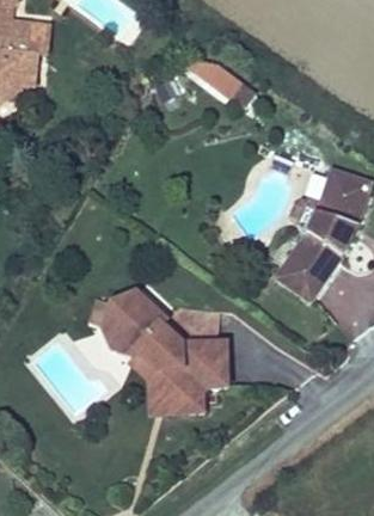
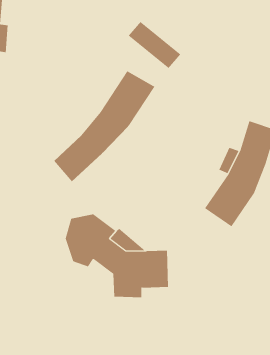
building: none -> [53,70,155,182]
building: [130,351,203,410] -> none

